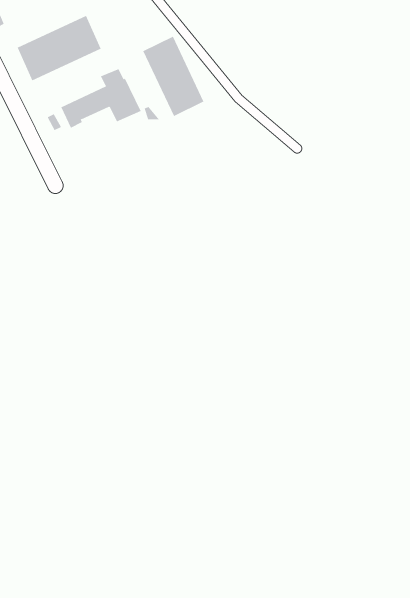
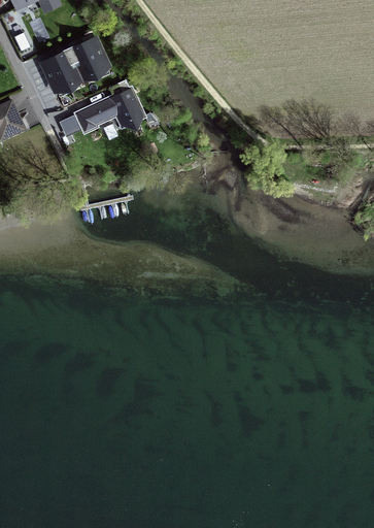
building: [143,36,204,117] -> none

